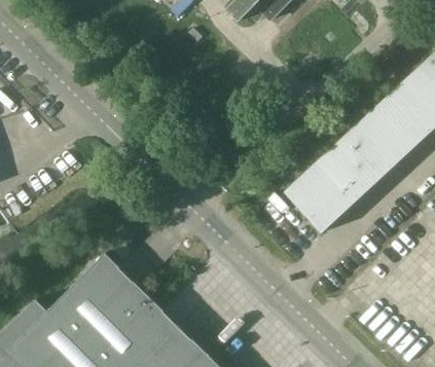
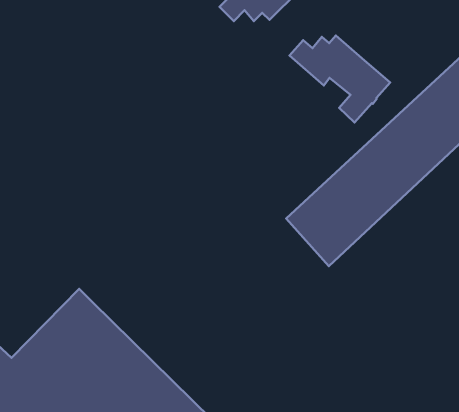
building: none -> [289,36,390,122]

